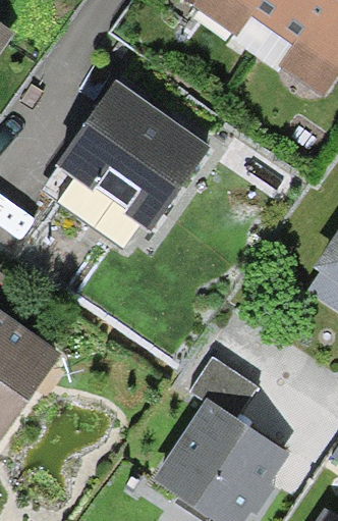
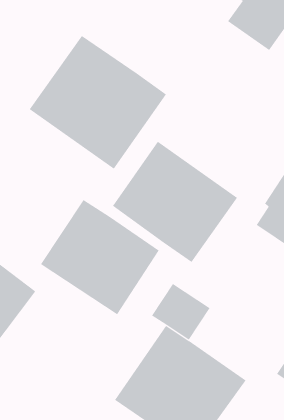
building: none -> [112,141,238,263]
building: none -> [40,199,160,315]

